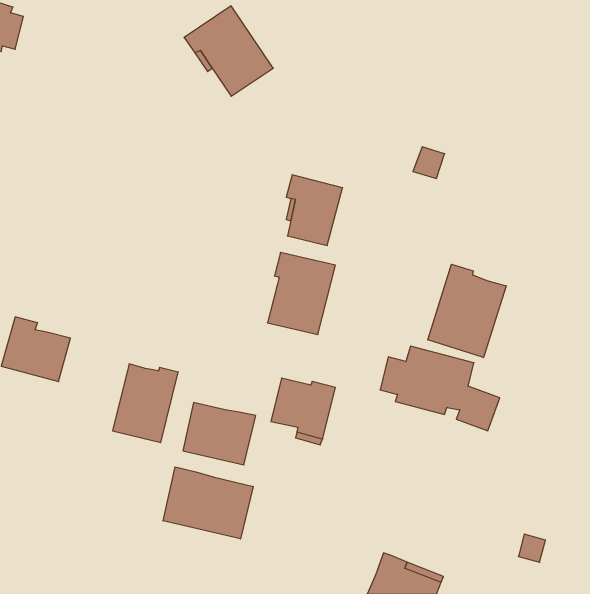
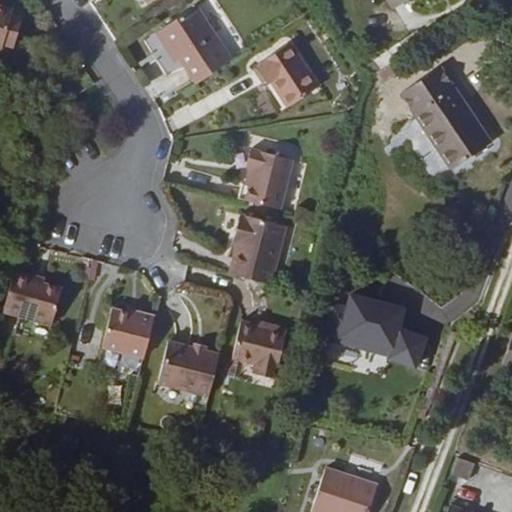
building: none -> [257,41,319,104]
building: none -> [410,65,496,168]
building: [428,264,506,358] -> none
building: [163,467,253,539] -> none

